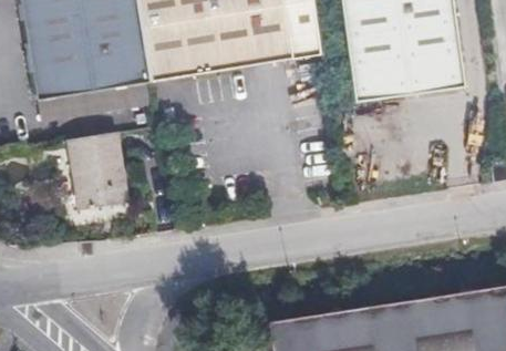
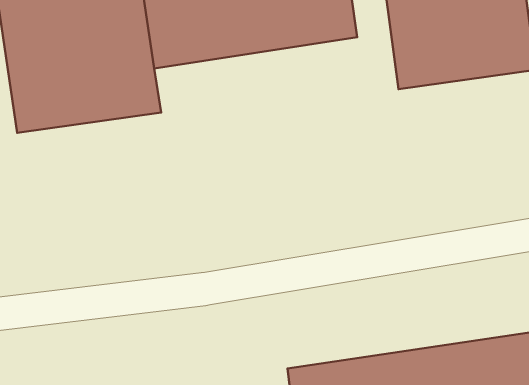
building: [68,130,127,205] -> none

